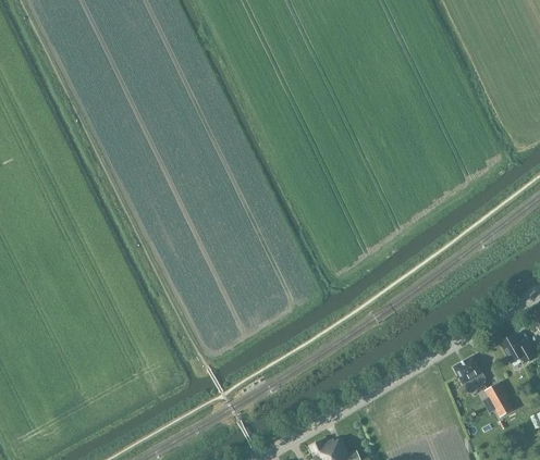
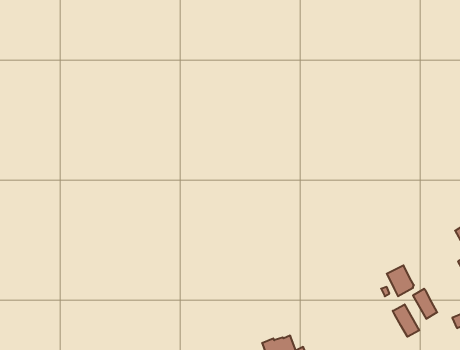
building: [500,335,535,363] -> none
building: none -> [393,304,419,337]

